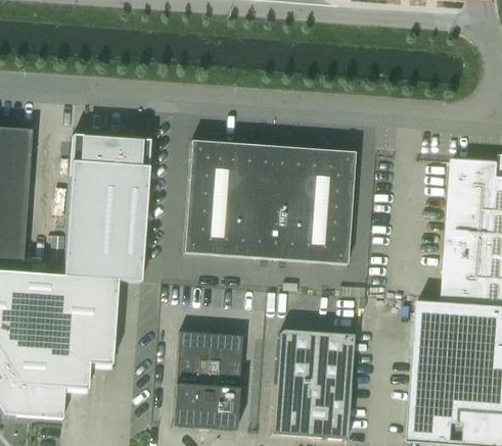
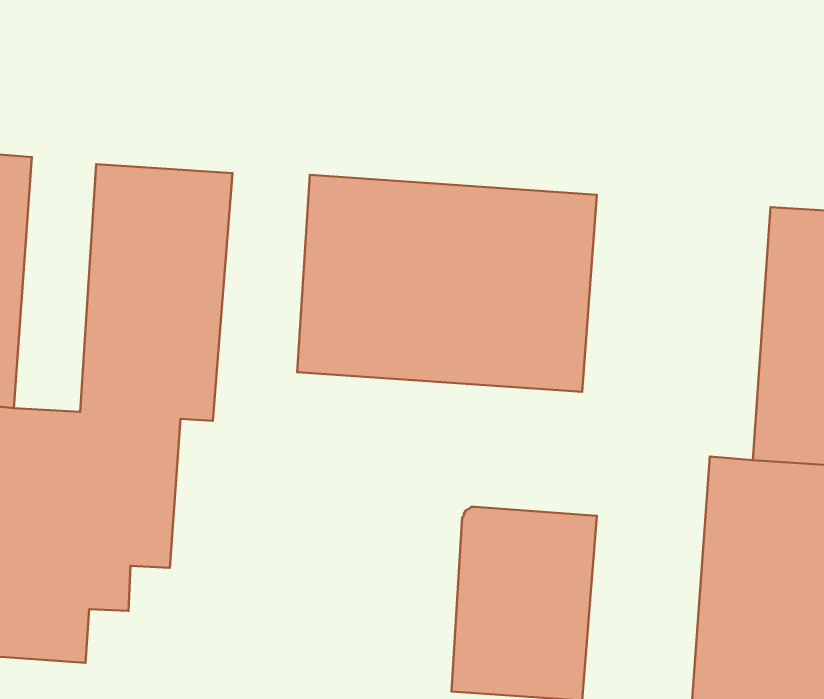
building: [173,330,242,430] -> none

